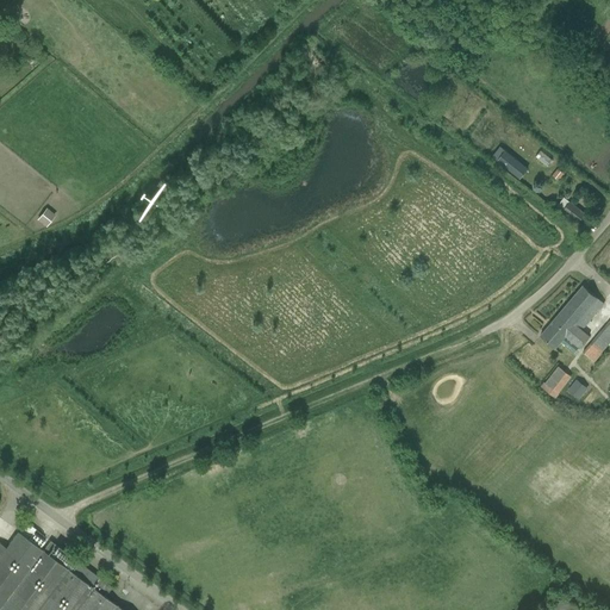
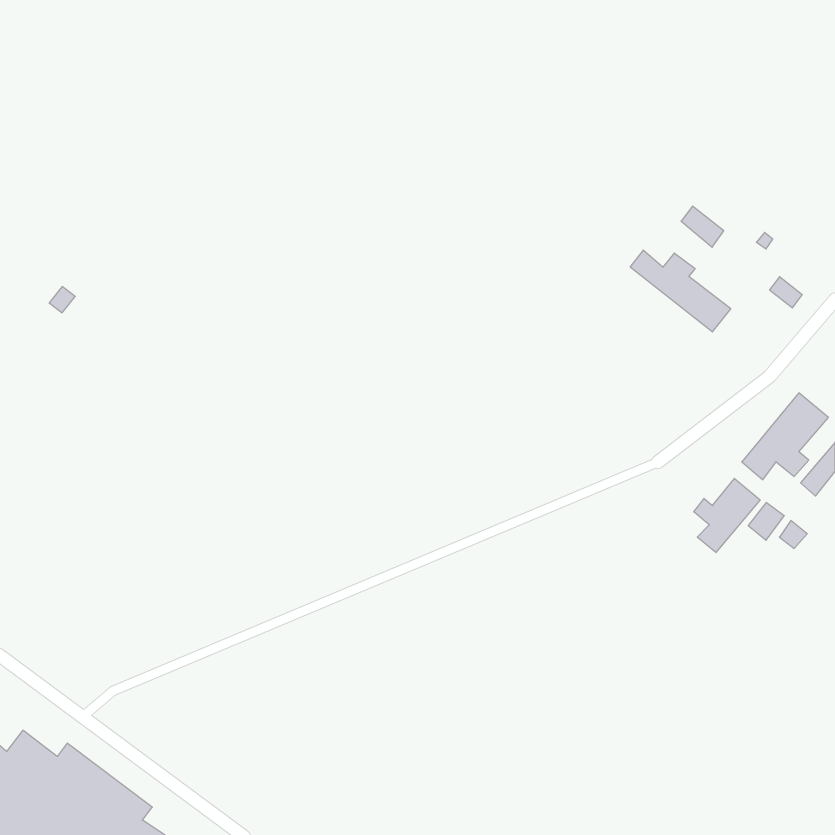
building: none -> [630,250,731,332]
building: none -> [694,478,760,553]

